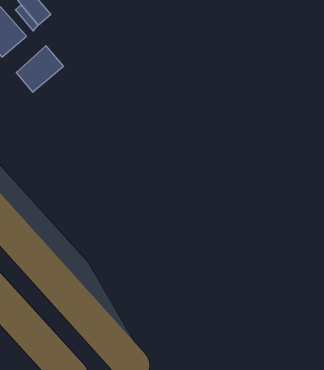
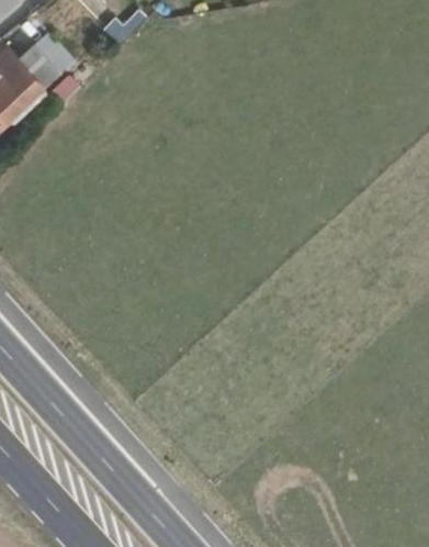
building: [16,46,64,92] -> none

